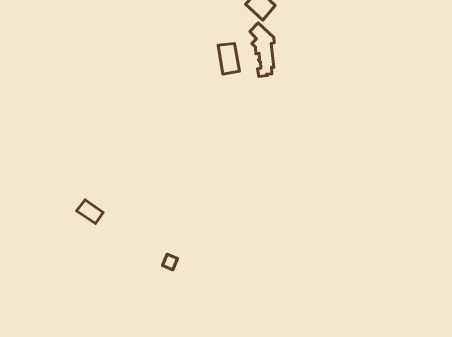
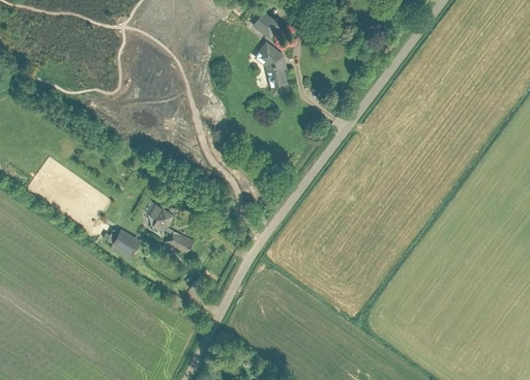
building: [218,44,239,74] -> none
building: none -> [150,205,193,255]

